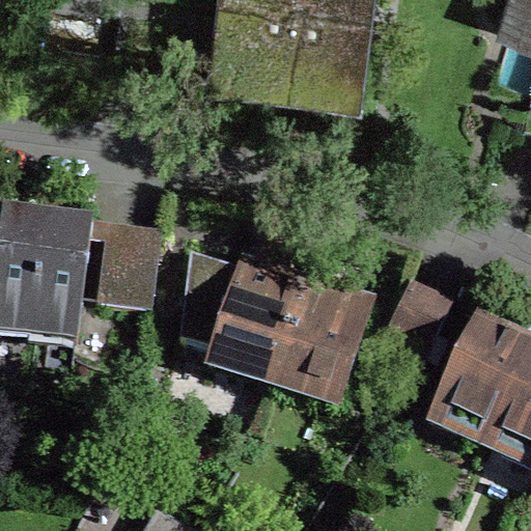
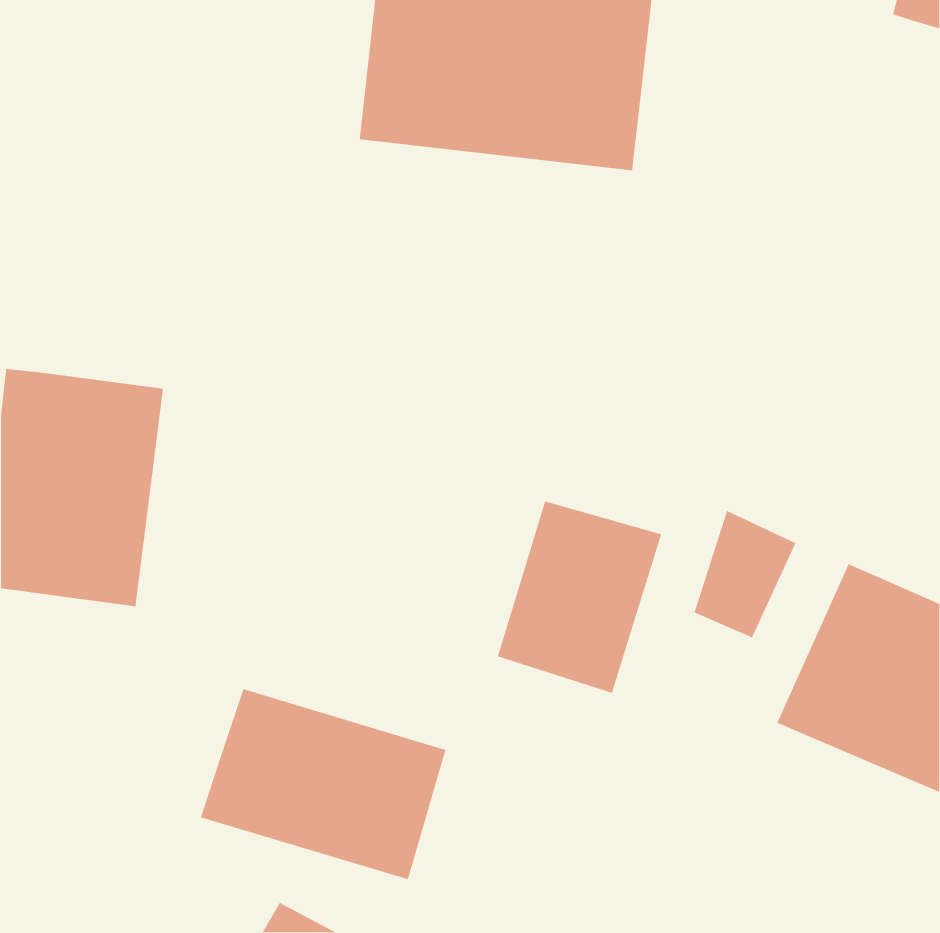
building: [97,239,160,311] -> none
building: [179,252,307,370] -> none
building: none -> [200,688,446,880]

